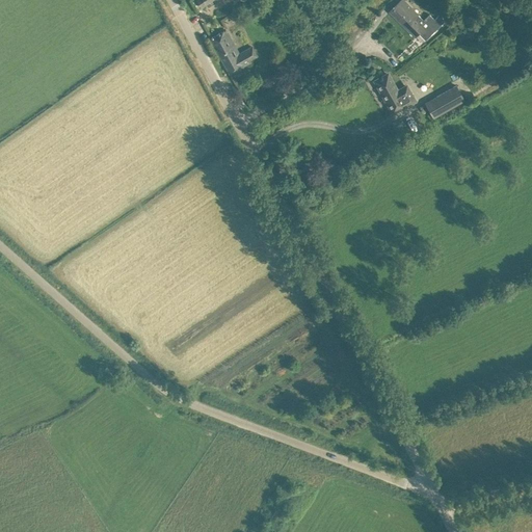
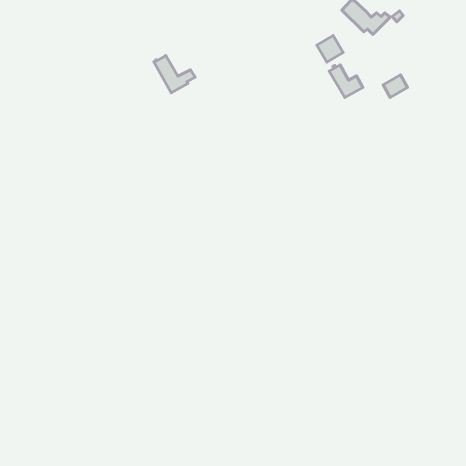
building: [210,31,257,74] -> [154,55,195,93]
building: none -> [317,36,343,62]

